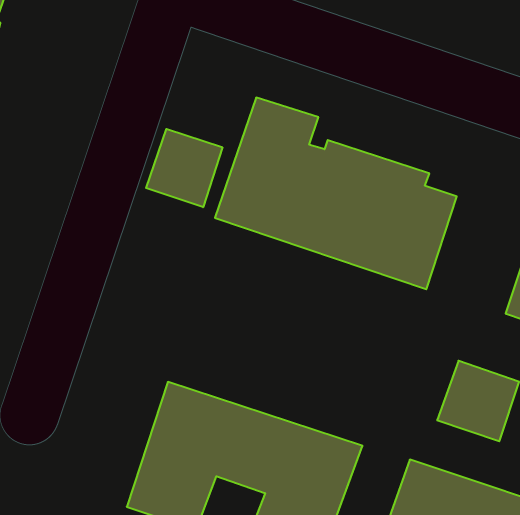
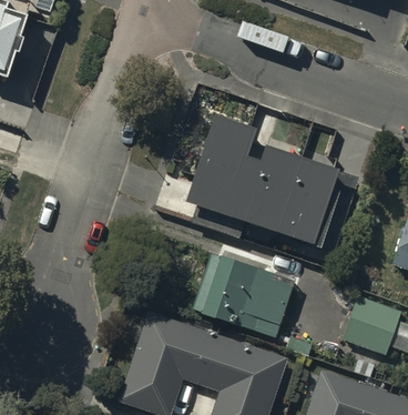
building: [146,129,222,207] -> none
building: none -> [191,250,297,337]

